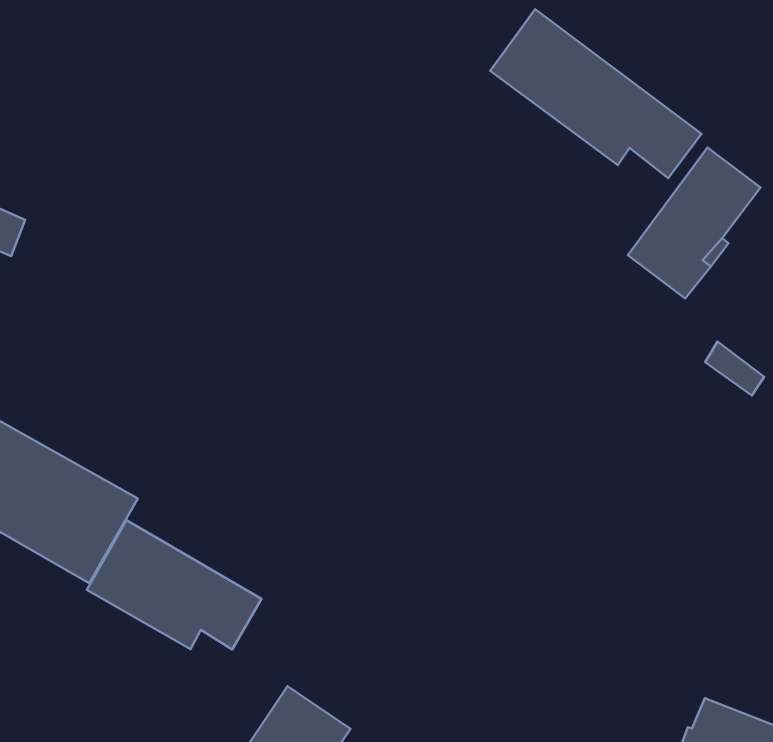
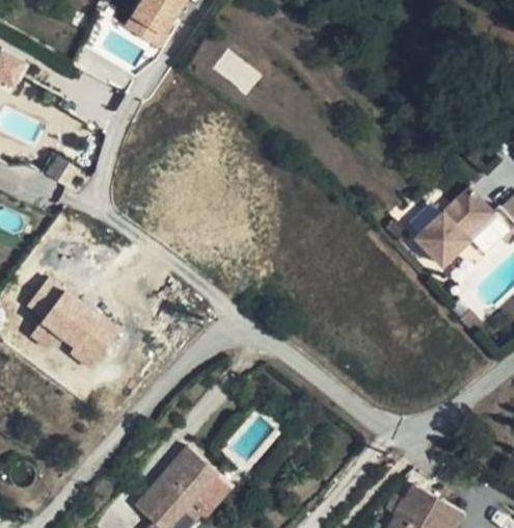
building: [490,9,701,178] -> none
building: [87,520,261,649] -> none

